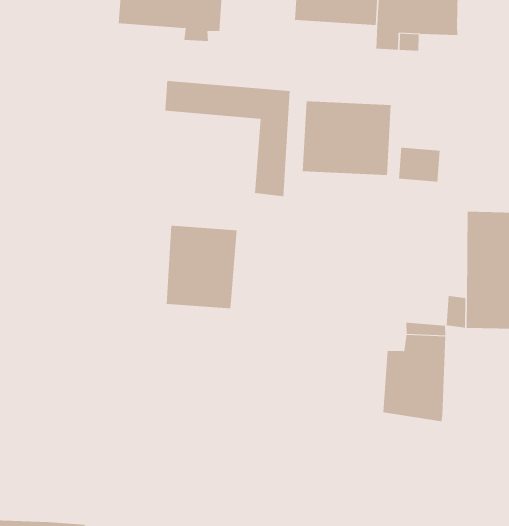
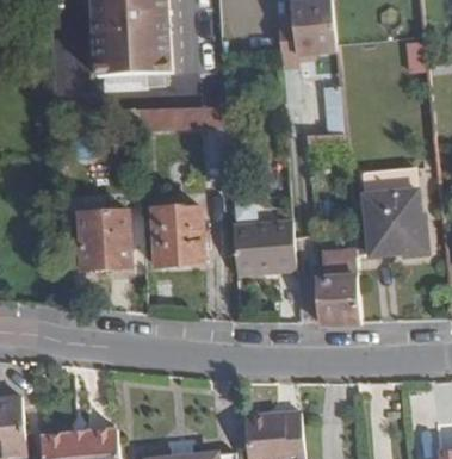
building: [302,101,392,175] -> [231,219,296,274]
building: none -> [78,211,130,268]

